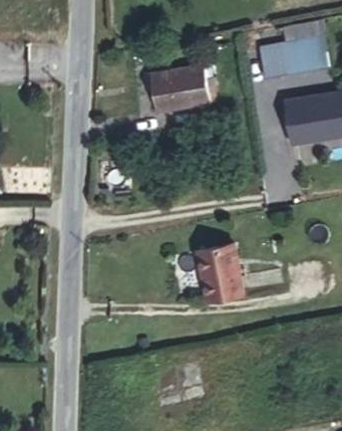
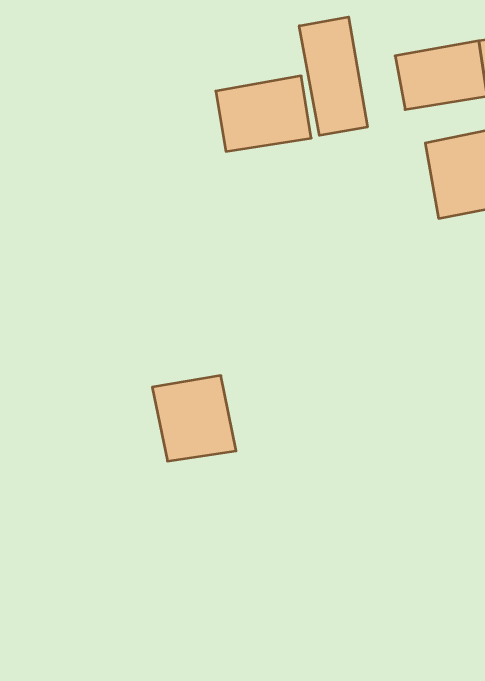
building: none -> [299,17,367,135]
building: [195,243,245,294] -> [152,376,236,461]

